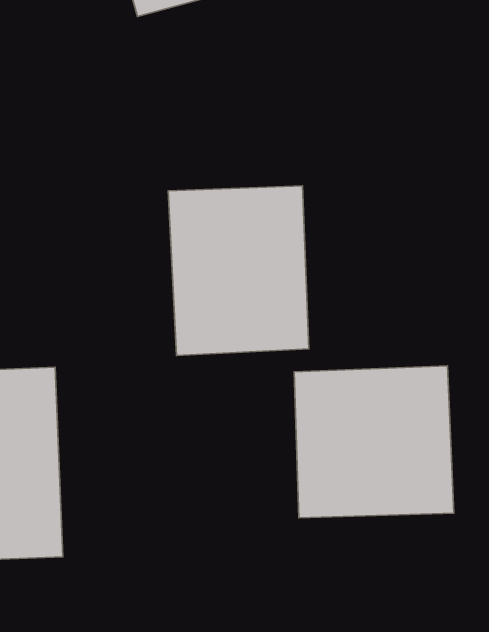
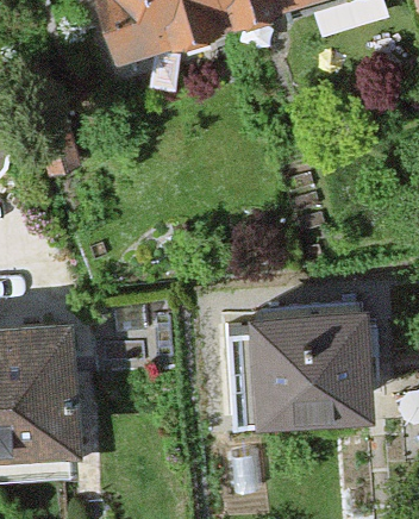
building: [168,186,309,355] -> none

